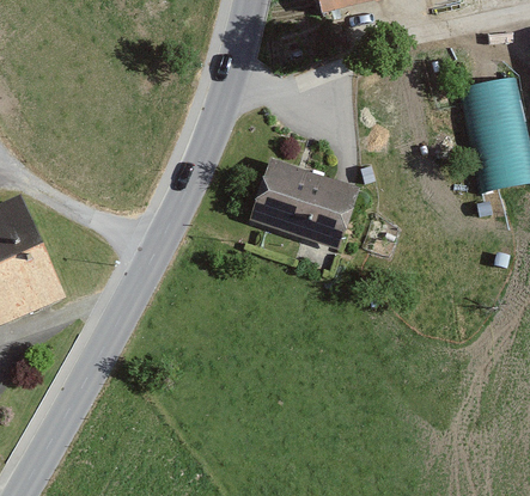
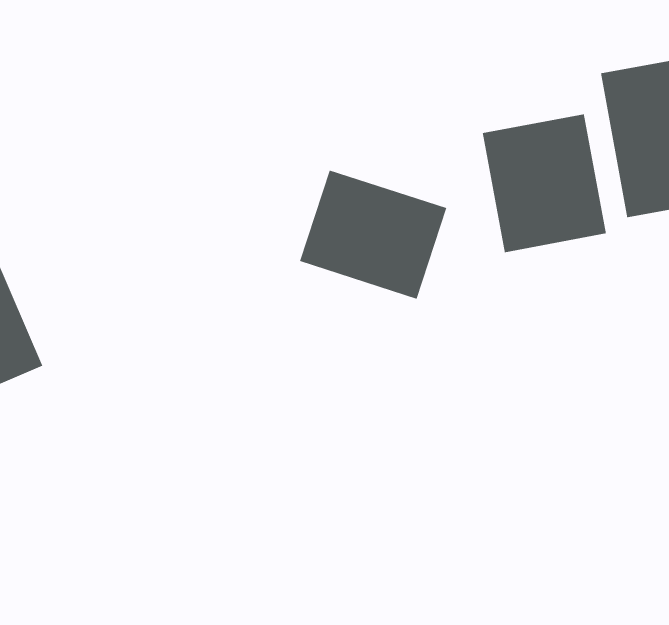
building: none -> [482,113,606,253]

